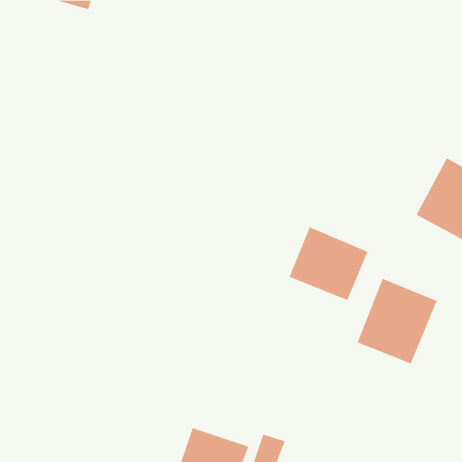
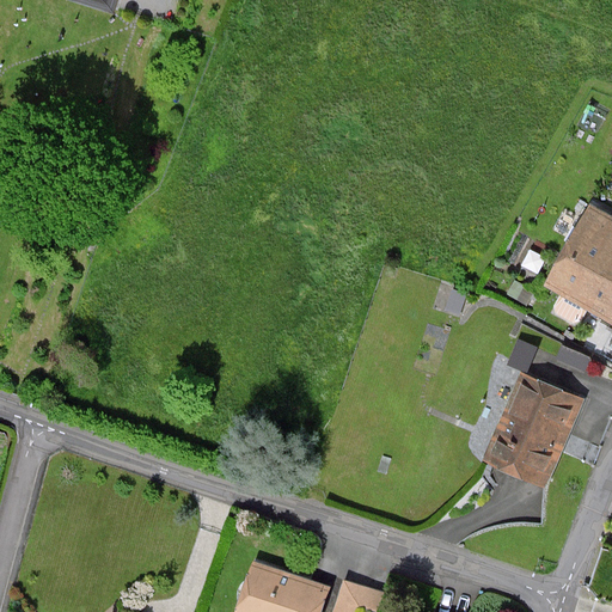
building: [289,227,368,301] -> none

